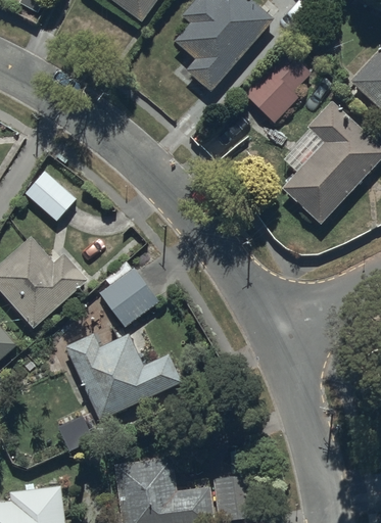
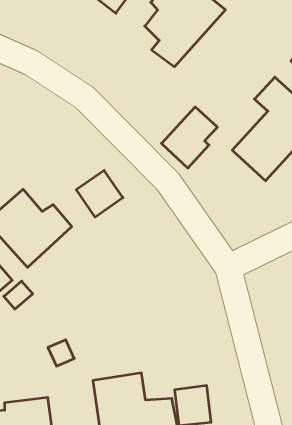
building: [242,50,309,124] -> [161,107,217,168]
building: [20,170,75,223] -> none
building: [100,269,156,325] -> [76,170,123,217]
building: [64,333,182,421] -> none

